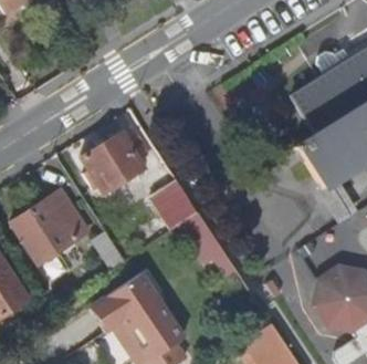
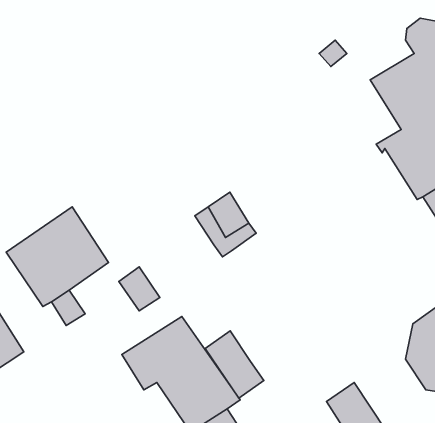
building: [84,132,145,193] -> none
building: [179,210,223,261] -> [205,331,264,398]

